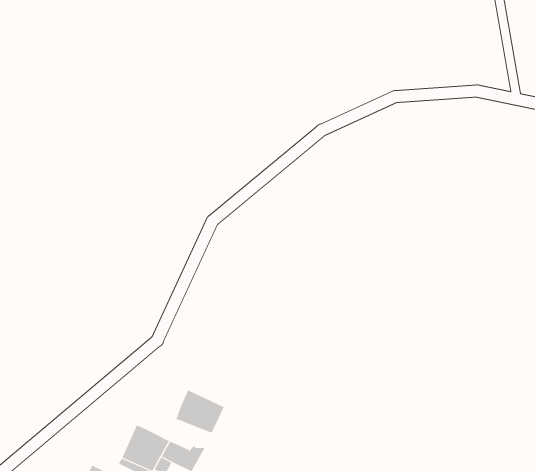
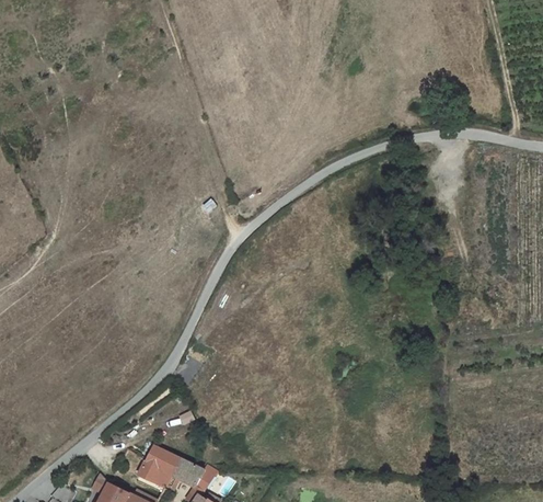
building: [175,390,224,433] -> none

